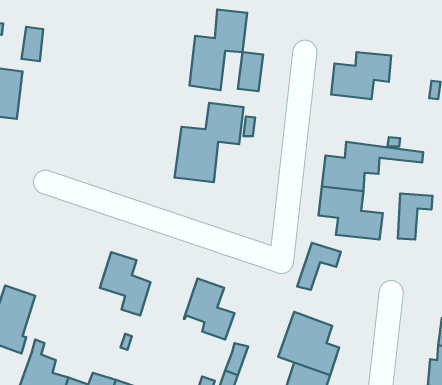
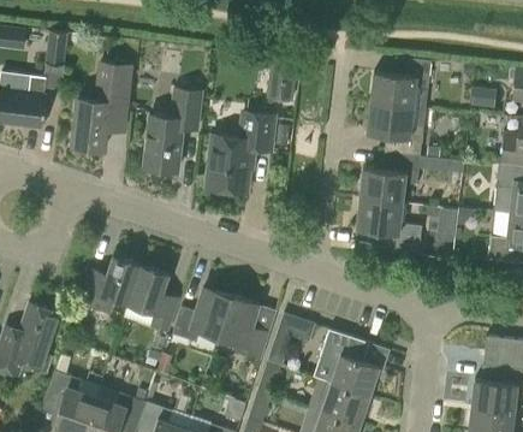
building: [190,10,247,90] -> [144,88,204,172]
building: none -> [73,61,135,148]
building: none -> [367,102,424,156]
building: [297,243,341,290] -> [268,316,314,366]
building: none -> [79,258,139,309]
building: none -> [173,291,230,343]

